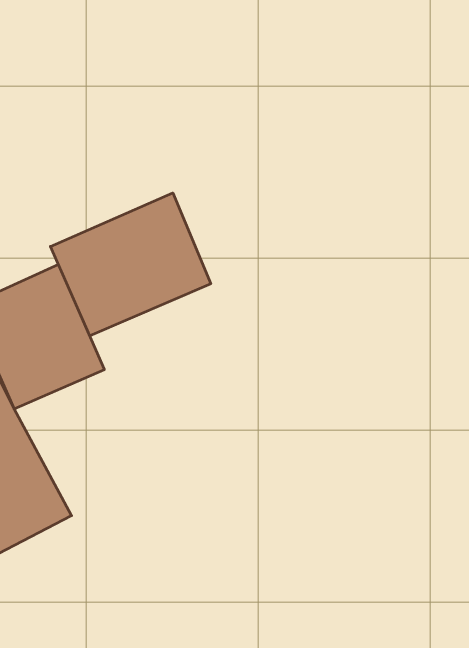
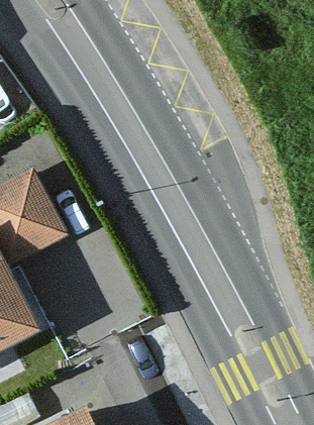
building: [50,193,211,336] -> none

